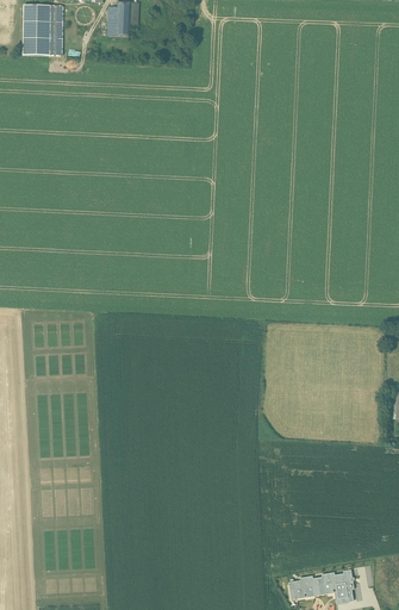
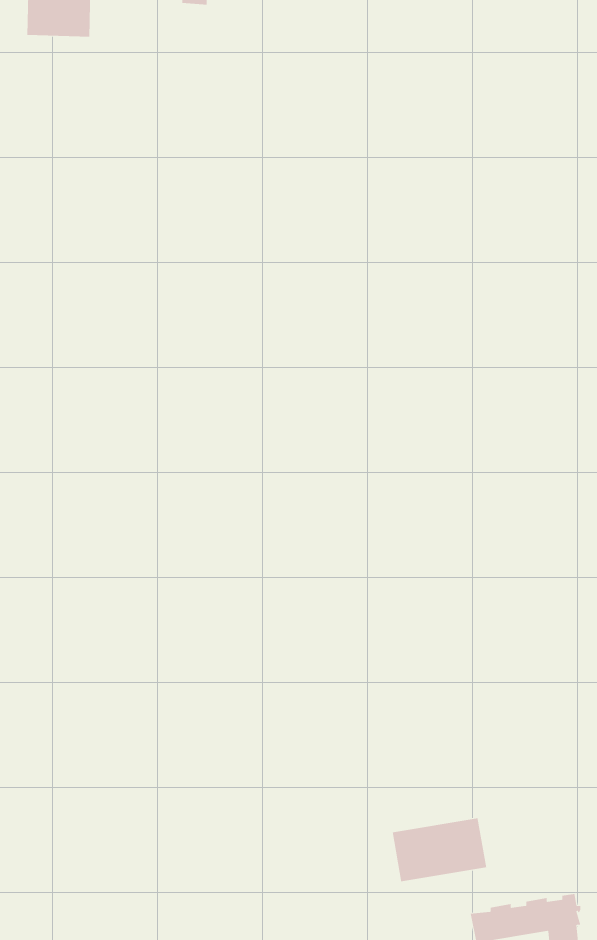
building: none -> [392,818,487,882]

